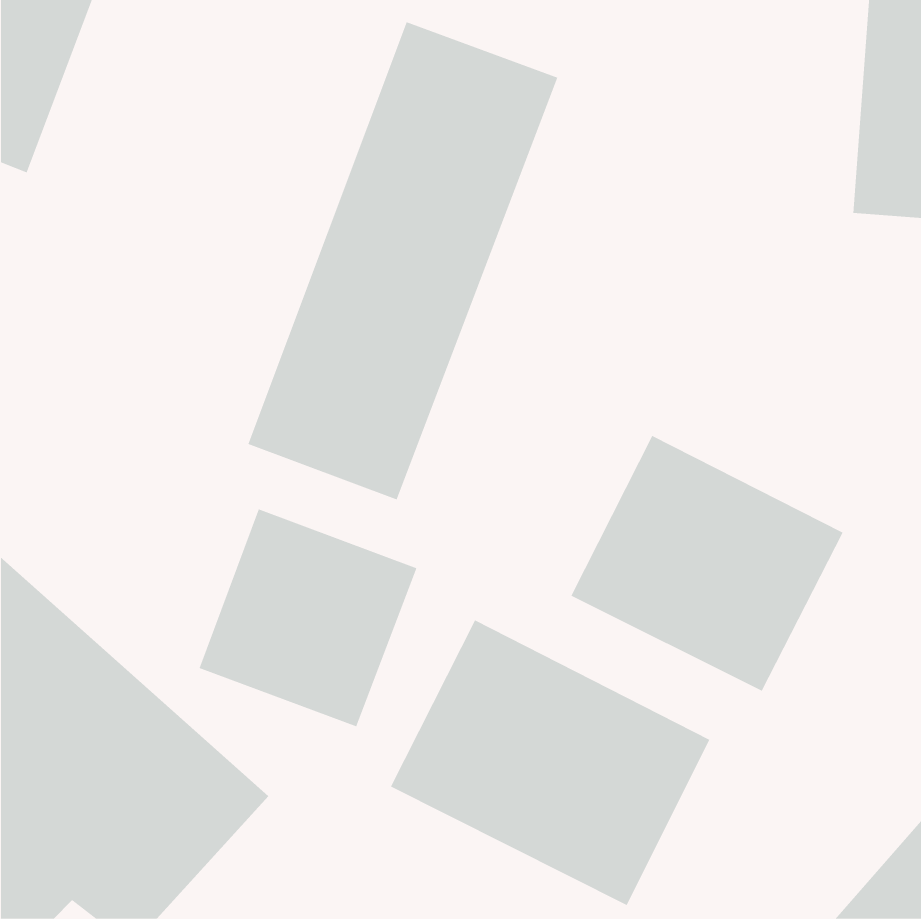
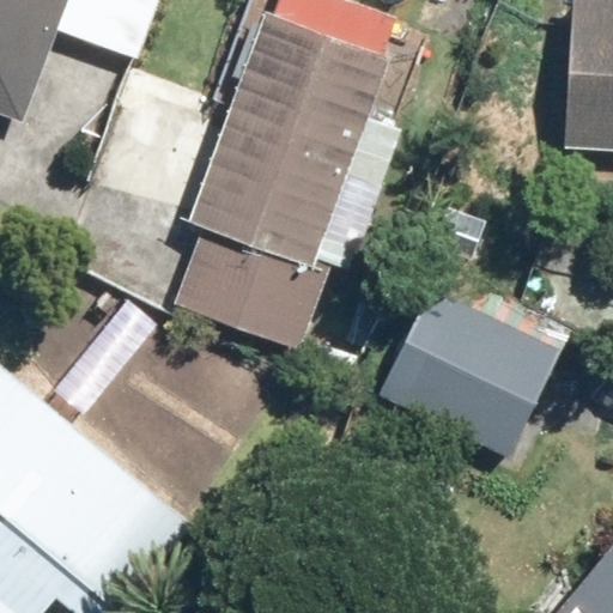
building: [199,508,417,727] -> none
building: [390,619,710,906] -> none

